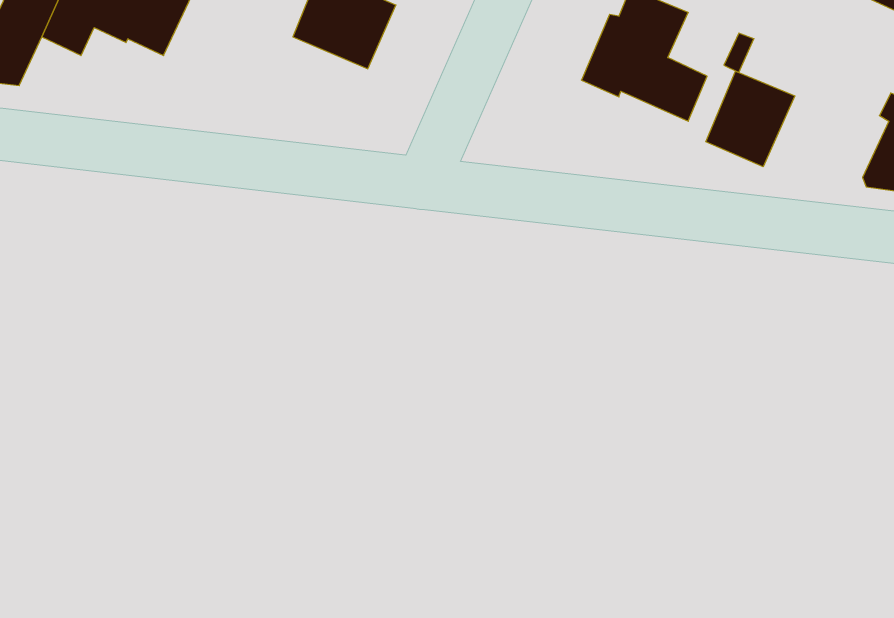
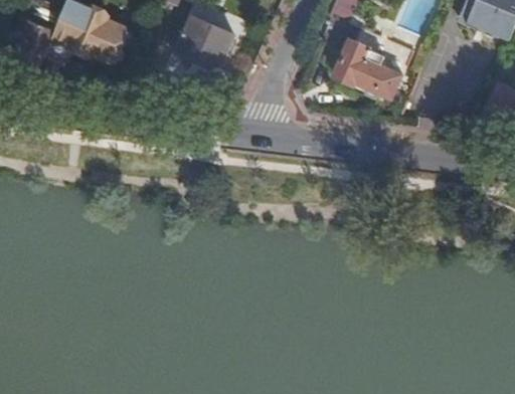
building: [706,71,795,167] -> none

